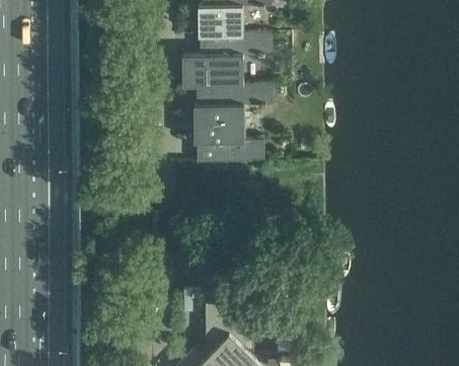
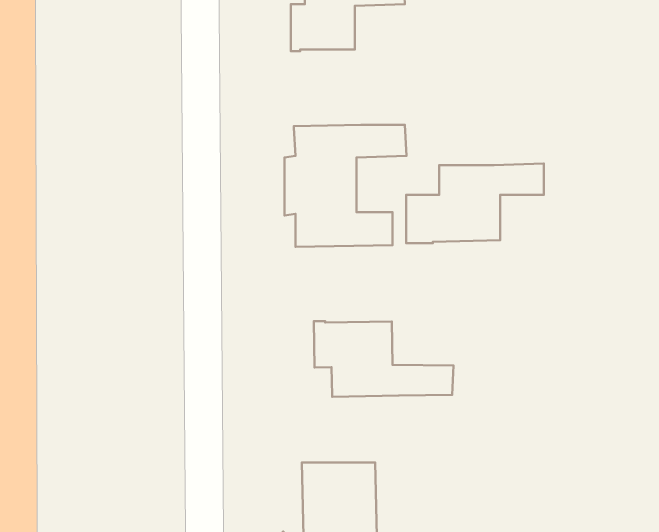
building: [182,34,272,86] -> [406,163,544,243]
building: none -> [314,321,454,397]

